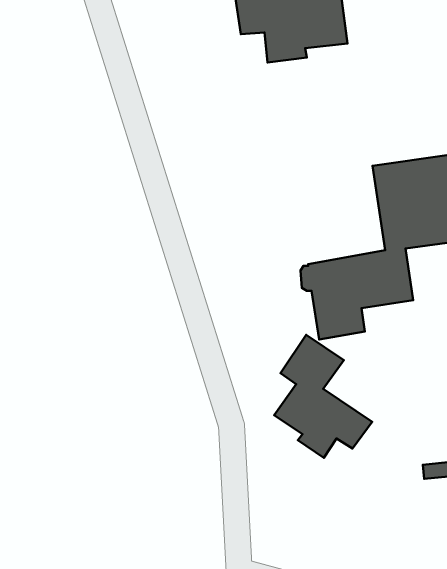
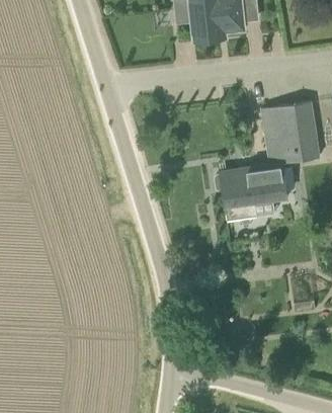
building: [274,335,372,458] -> none

